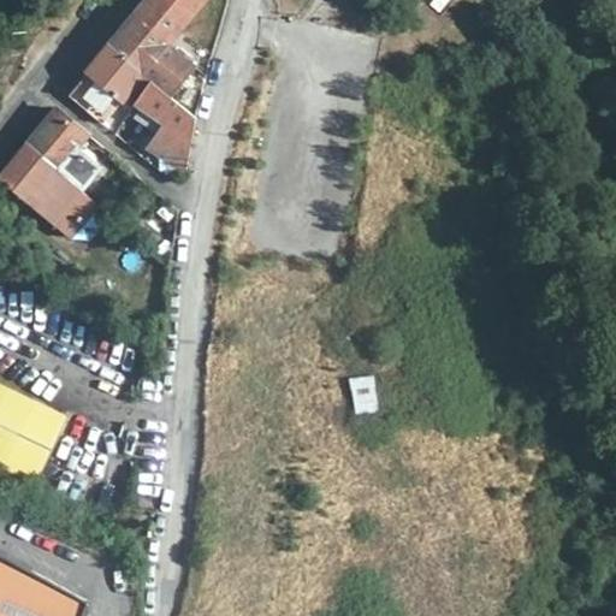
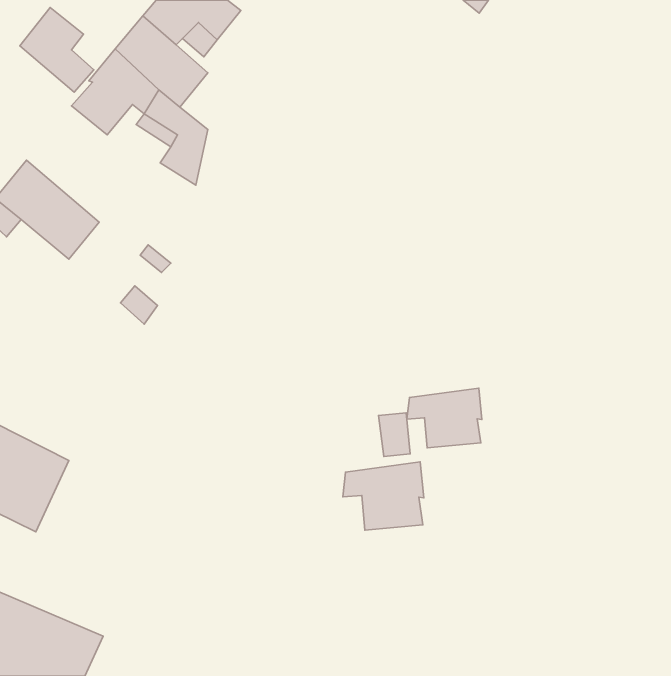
building: [24,111,91,188] -> [20,8,94,92]
building: none -> [407,388,482,448]
building: none -> [343,462,424,530]

